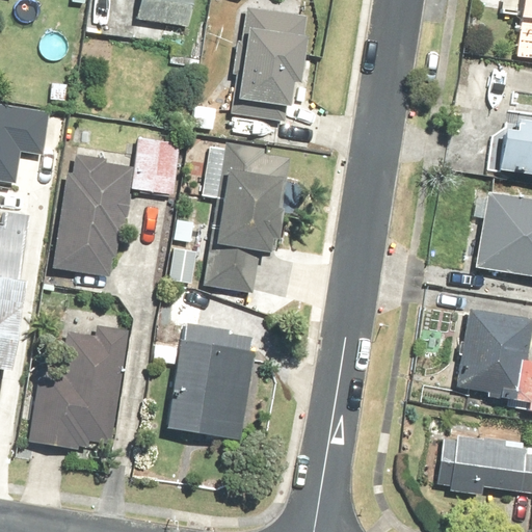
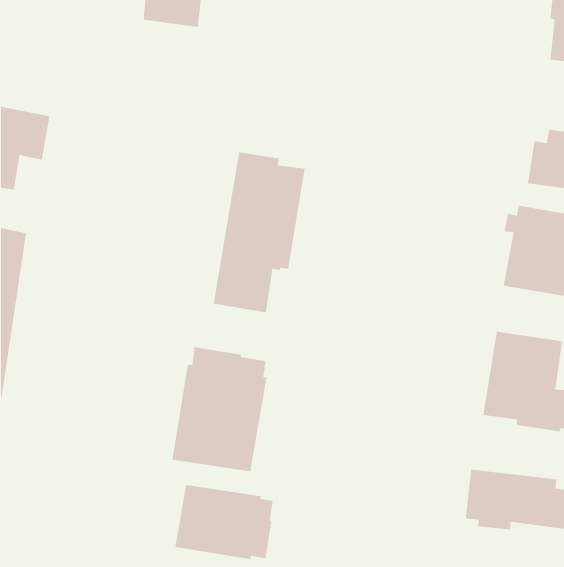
building: [232,6,309,121] -> none
building: [52,133,182,277] -> none
building: [29,324,130,450] -> none
building: none -> [175,484,273,560]

